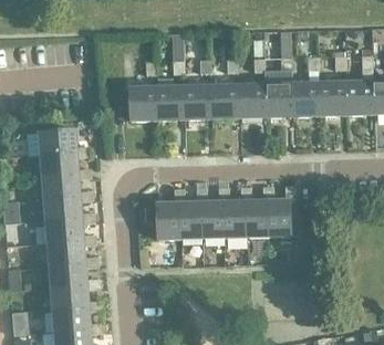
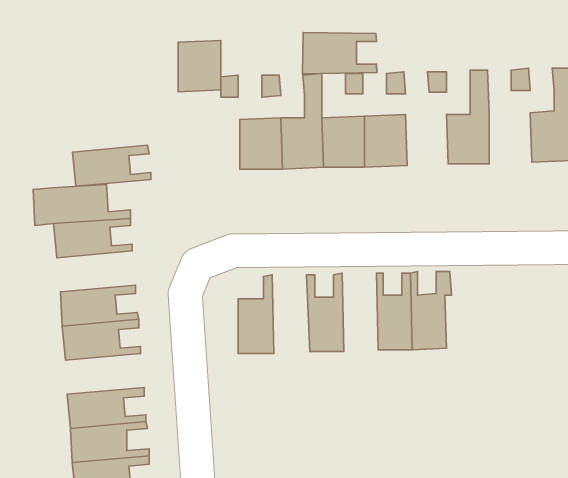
building: none -> [303,33,377,74]
building: [320,82,347,115] -> none
building: [266,83,293,116] -> none
building: [131,86,158,119] -> [178,40,221,92]
building: [40,171,91,198] -> [72,145,151,186]
building: [225,186,248,237] -> none
building: [179,187,204,238] -> none
building: [45,238,96,264] -> none

